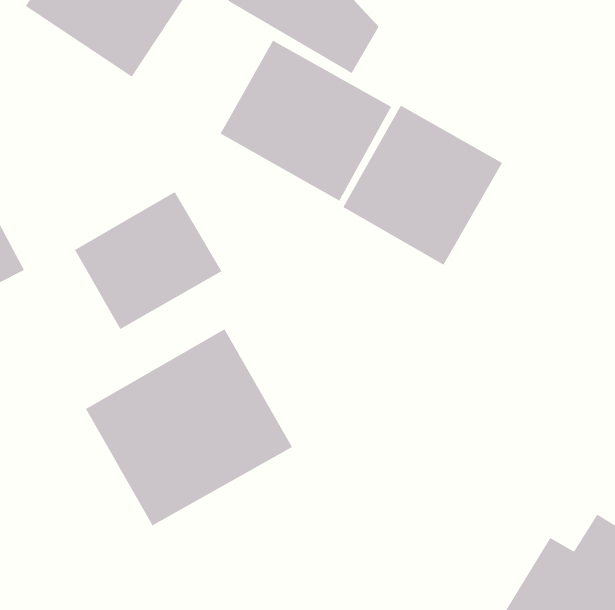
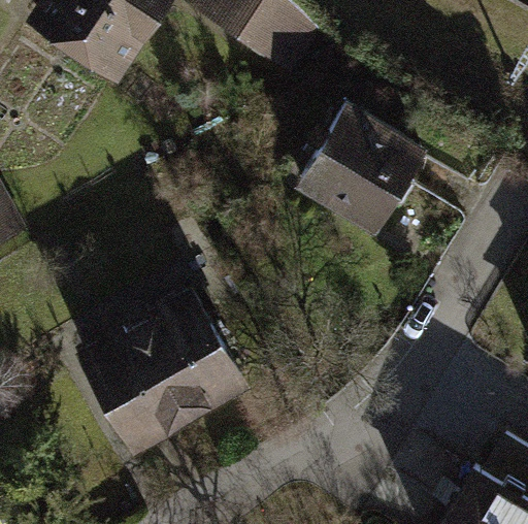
building: [220,40,392,201] -> none
building: [74,191,222,330] -> none

